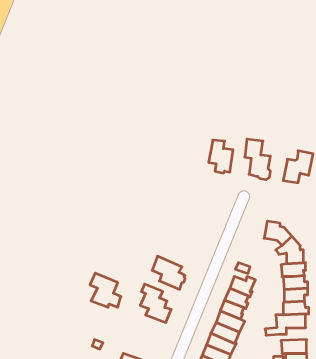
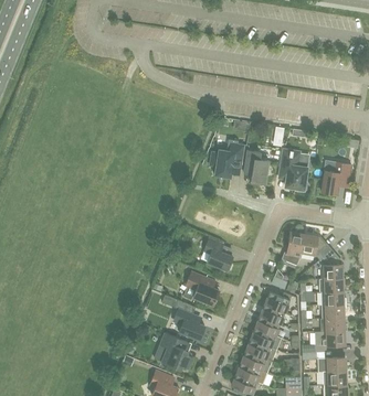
building: none -> [210,138,244,180]
building: none -> [281,232,304,265]
building: none -> [203,238,232,271]
building: [90,273,121,307] -> [159,332,191,367]

